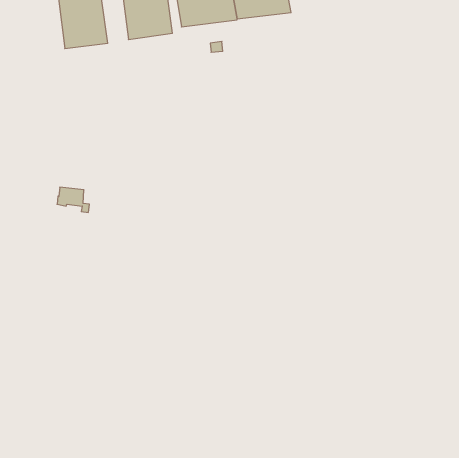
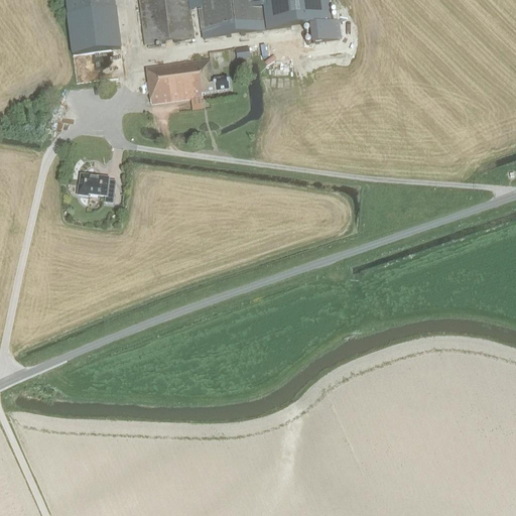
building: none -> [311,19,340,43]
building: none -> [145,58,230,103]
building: [57,187,89,212] -> [78,174,114,203]

